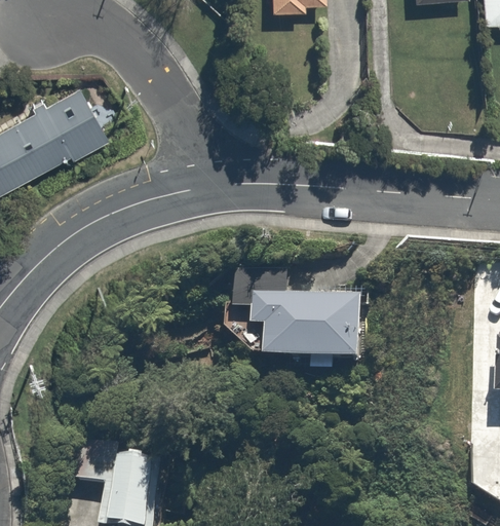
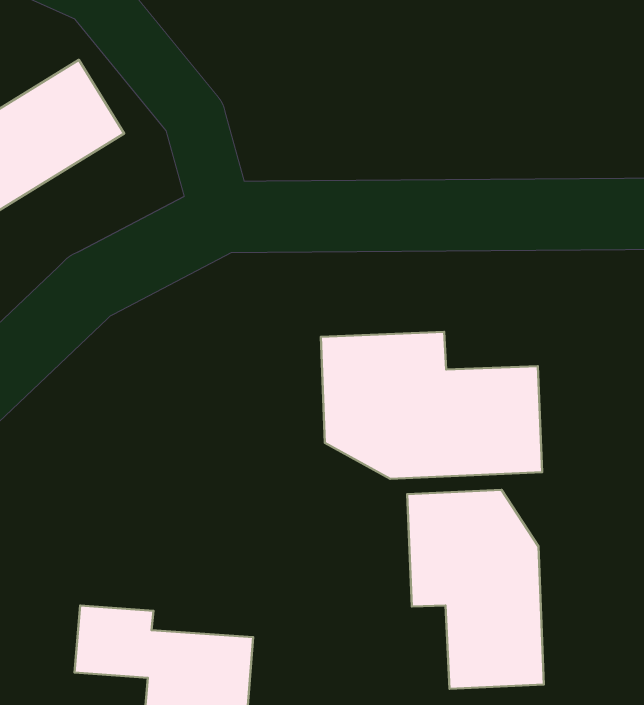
building: none -> [407,490,544,689]

